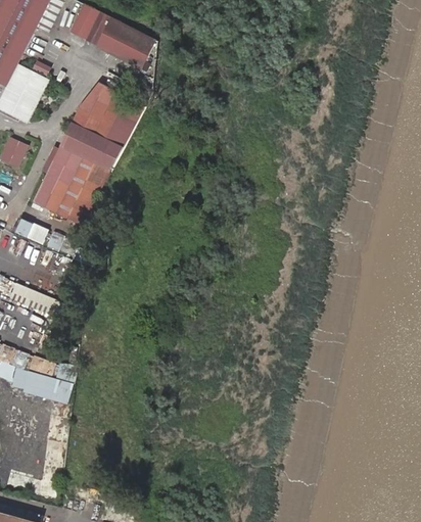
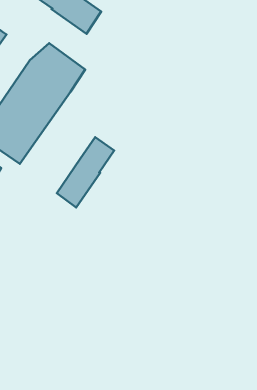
building: none -> [57,137,114,208]

